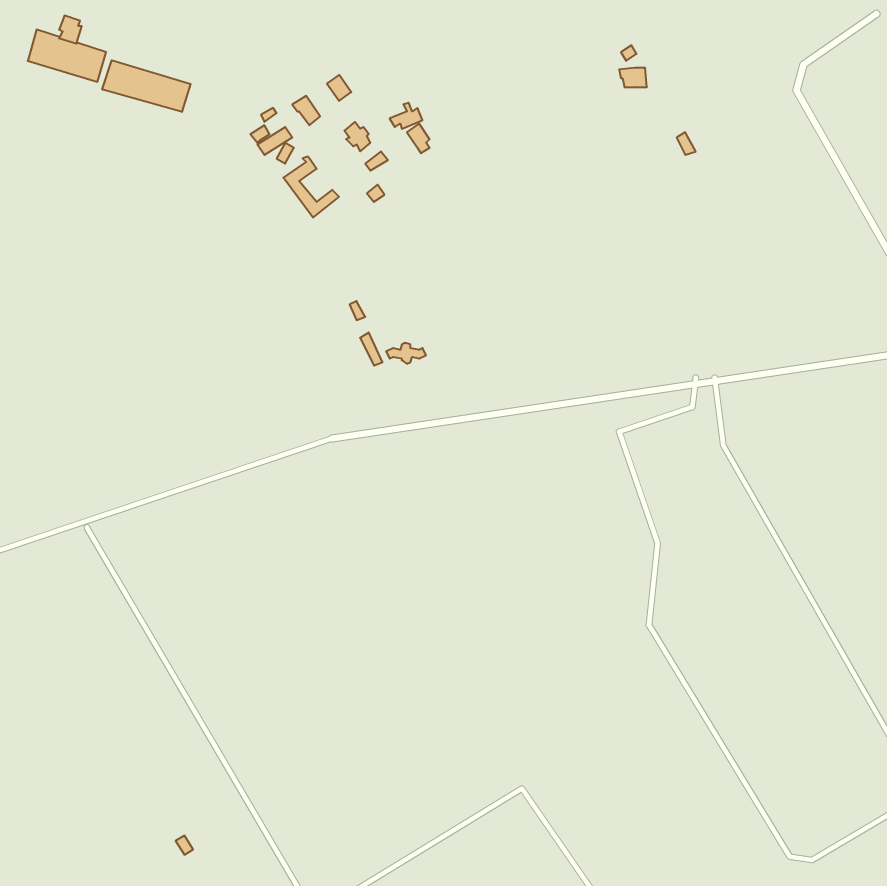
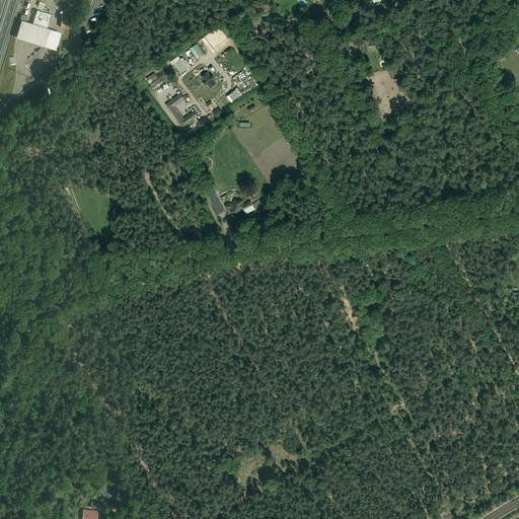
building: [102,60,191,112] -> none

